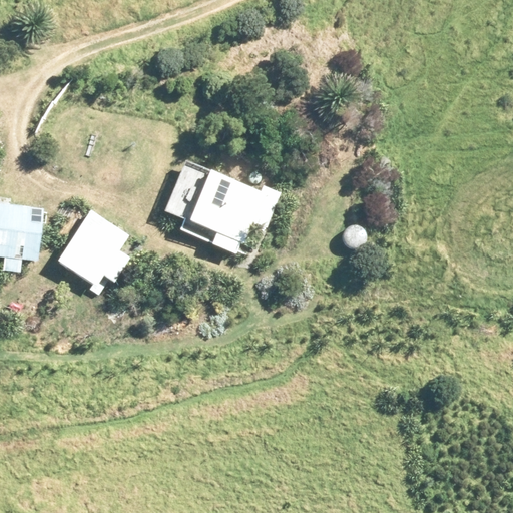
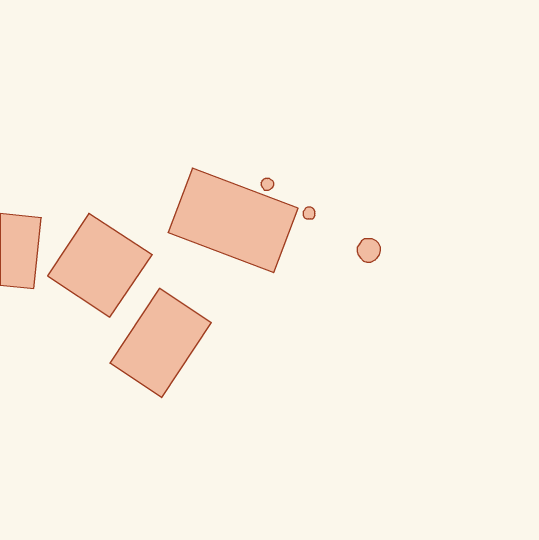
building: none -> [110,288,211,398]

